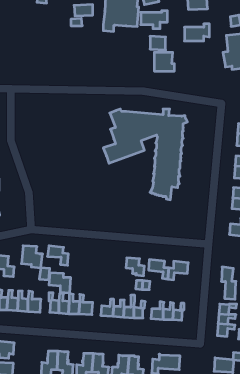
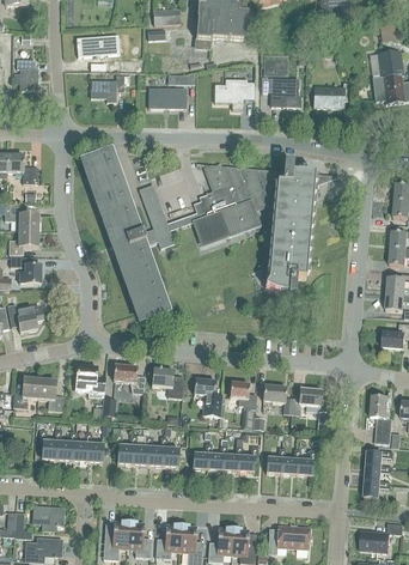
building: [141,11,167,29] -> [214,81,254,108]
building: none -> [77,34,118,55]
building: [184,24,209,41] -> [313,81,350,107]
building: none -> [90,74,128,101]
building: none -> [148,87,185,107]
building: none -> [84,151,213,318]
building: none -> [194,378,221,415]
building: [49,273,71,293] -> [151,367,183,397]

